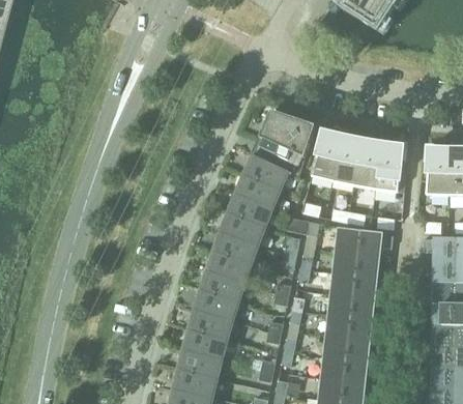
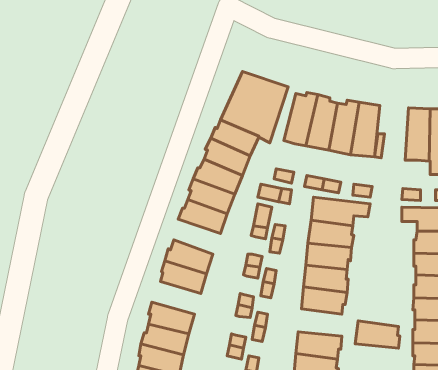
building: [207,250,252,283] -> none
building: [186,309,233,340] -> none
building: [325,335,368,360] -> [355,321,400,348]

